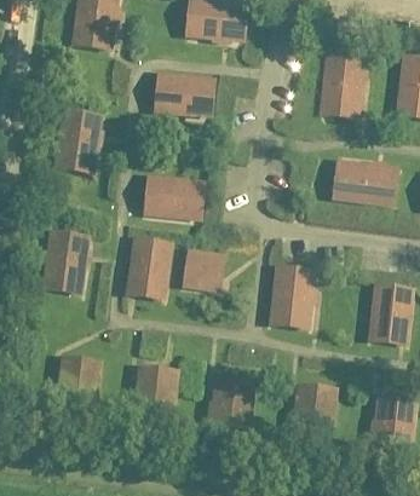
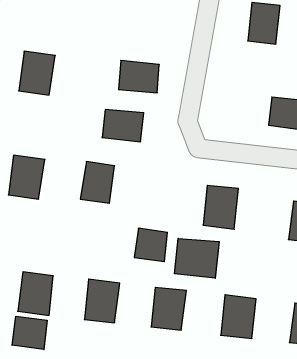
building: [165,75,212,113] -> [119,60,159,93]
building: [183,249,221,288] -> [134,228,167,262]
building: none -> [175,238,219,278]
building: none -> [12,316,47,350]

